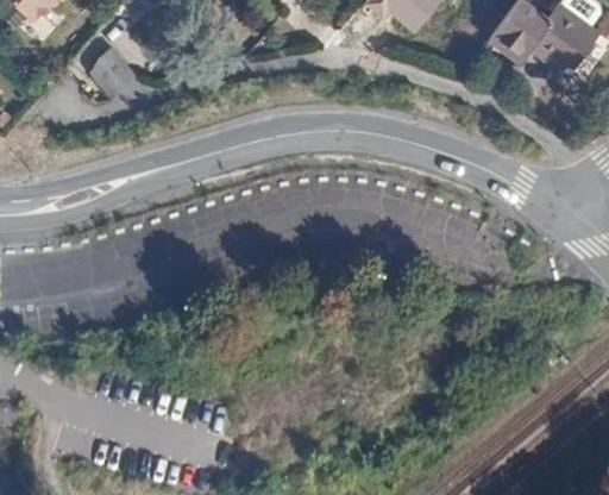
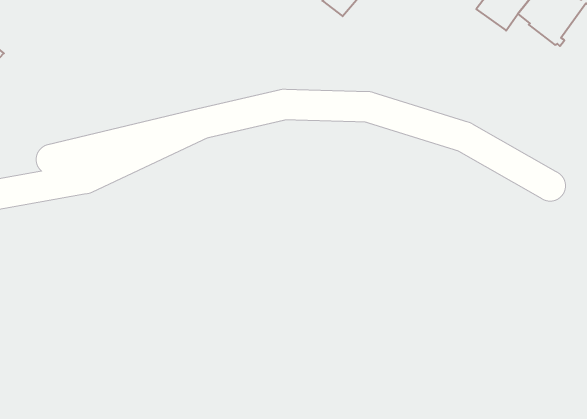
building: [94,45,138,95] -> none

